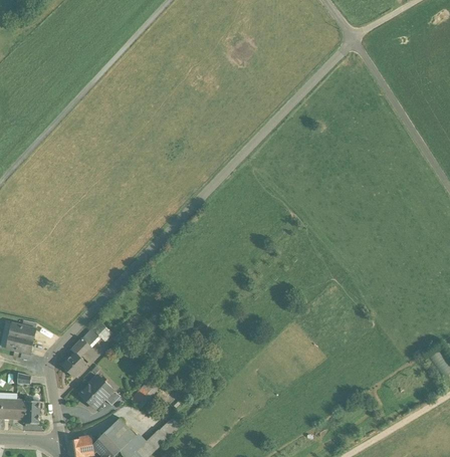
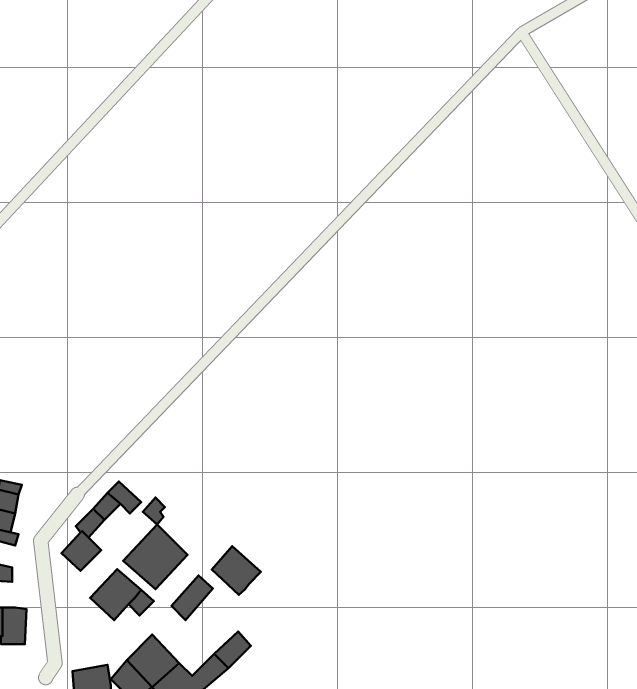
building: none -> [123,525,187,589]
building: none -> [212,546,261,595]

